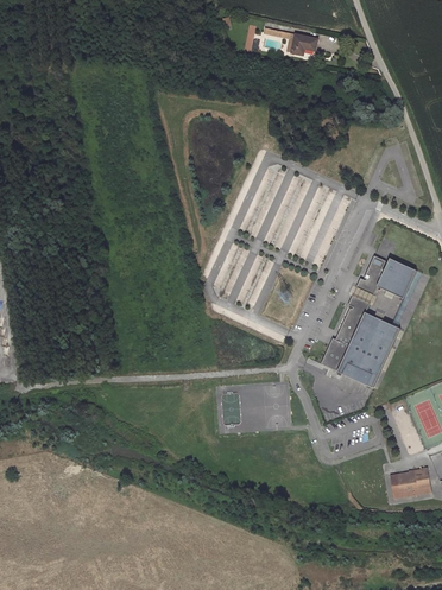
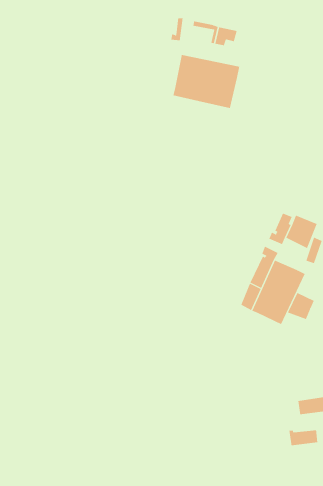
building: none -> [173,54,240,109]
building: none -> [287,292,315,320]
building: none -> [289,429,318,446]

